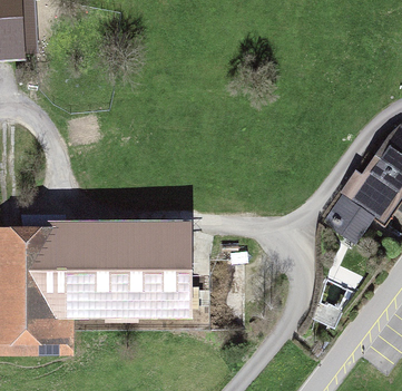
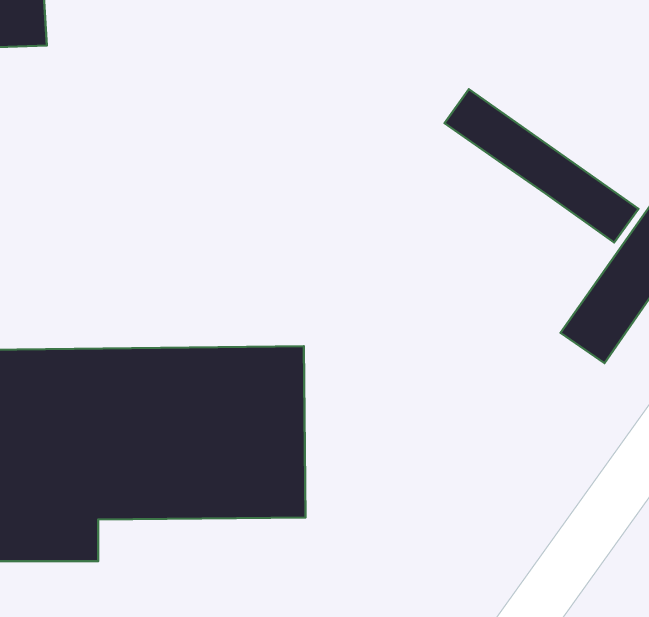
building: none -> [445,89,638,243]

